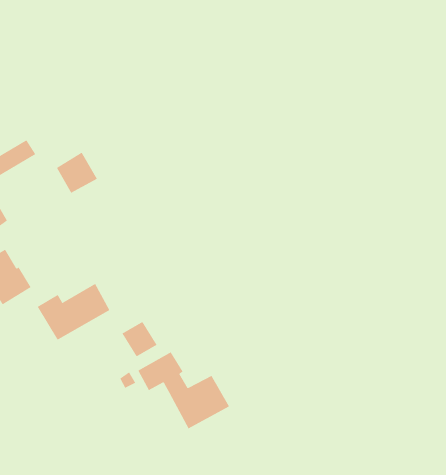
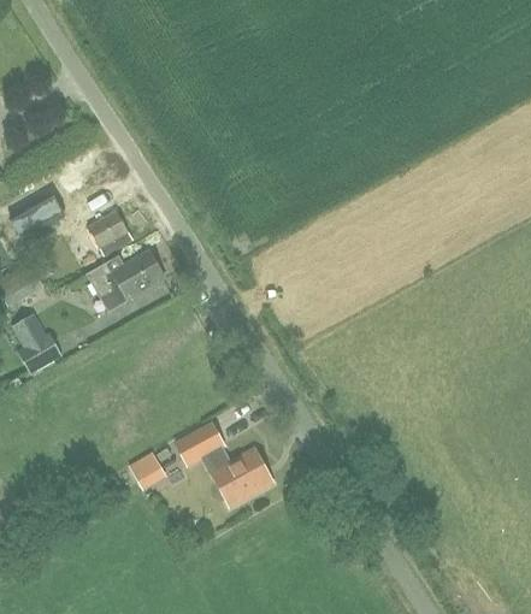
building: [37,283,110,340] -> [85,249,164,311]
building: [121,321,158,357] -> [128,450,166,489]

